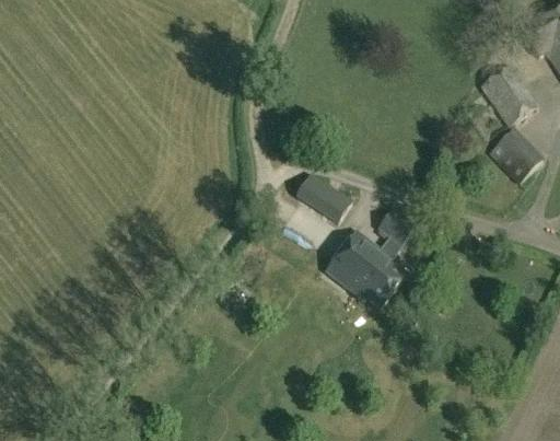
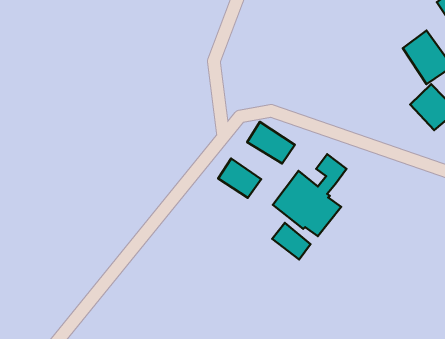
building: none -> [218,158,261,198]
building: none -> [272,223,310,260]

